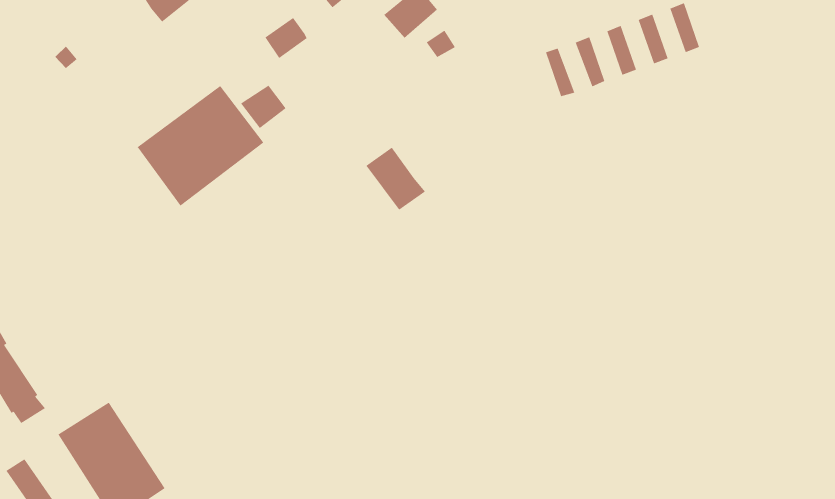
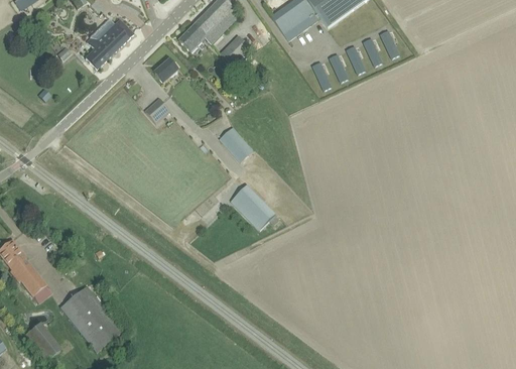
building: [137,85,264,206] -> none
building: none -> [233,186,275,228]

